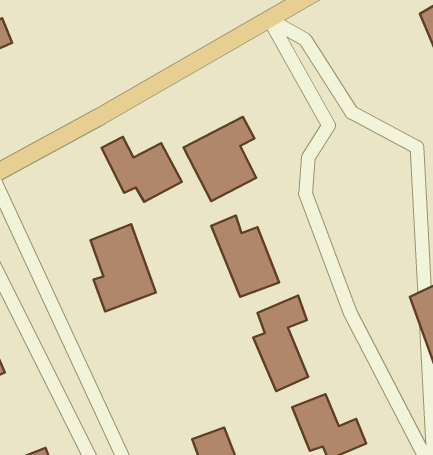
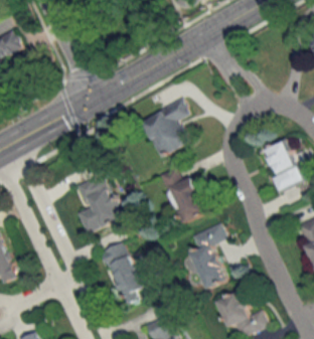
building: [101,137,182,202] -> none
building: none -> [264,141,303,191]
building: none -> [100,241,152,306]

